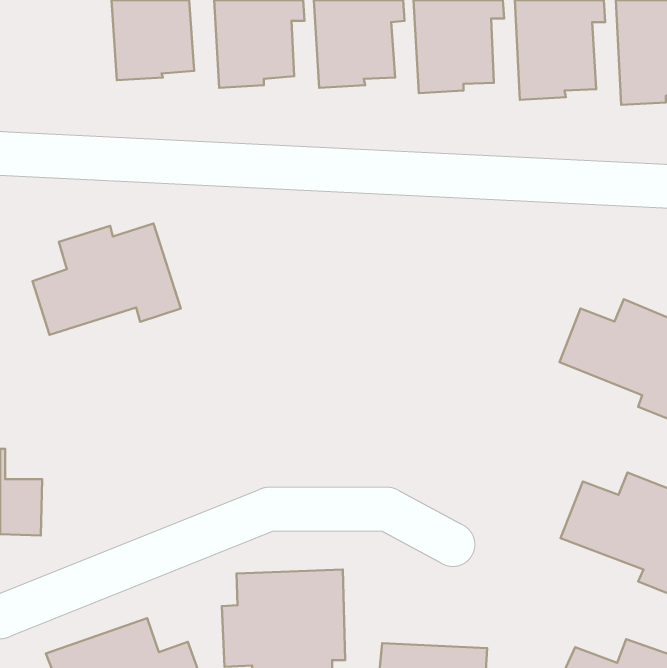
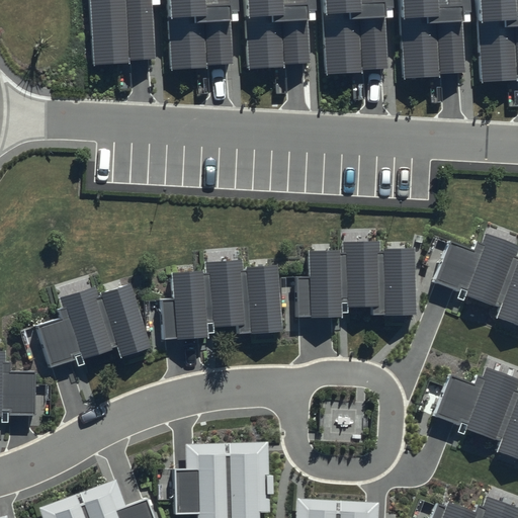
building: [33,223,181,335] -> [37,282,152,368]
building: none -> [306,241,417,319]
building: none -> [168,258,281,340]

